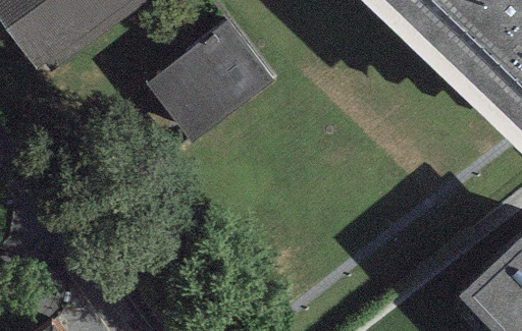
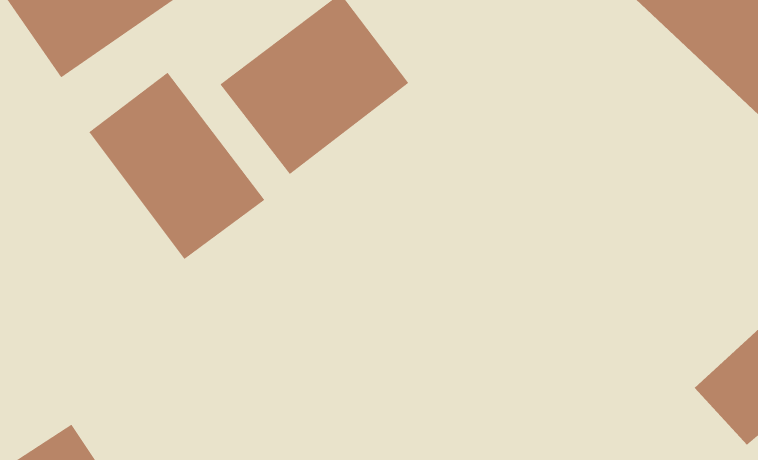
building: none -> [88,72,265,260]

